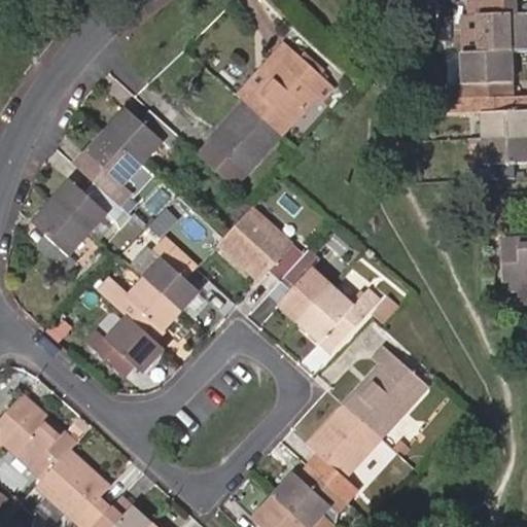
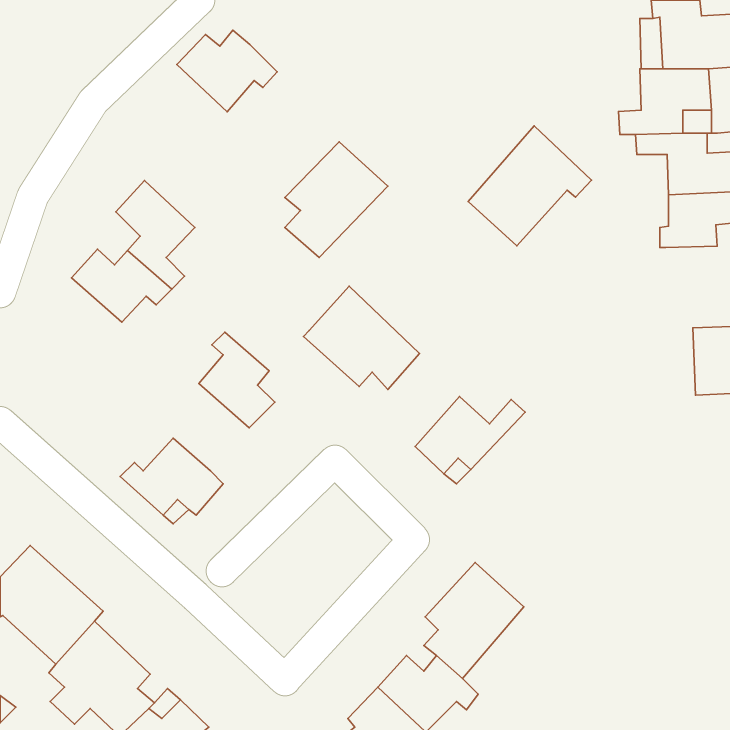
building: [245,48,333,135] -> [468,126,591,246]
building: [105,106,177,165] -> [177,30,277,112]
building: [33,201,89,273] -> none
building: [278,249,331,322] -> none
building: [96,277,180,340] -> none
building: [343,362,425,437] -> none

